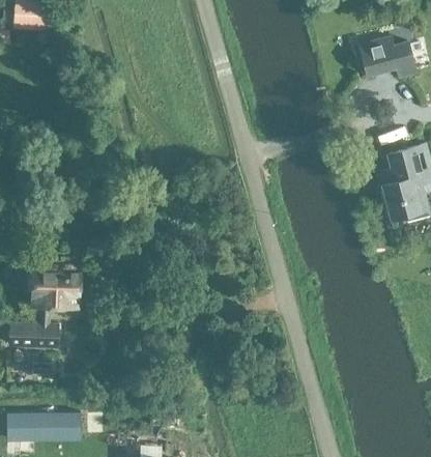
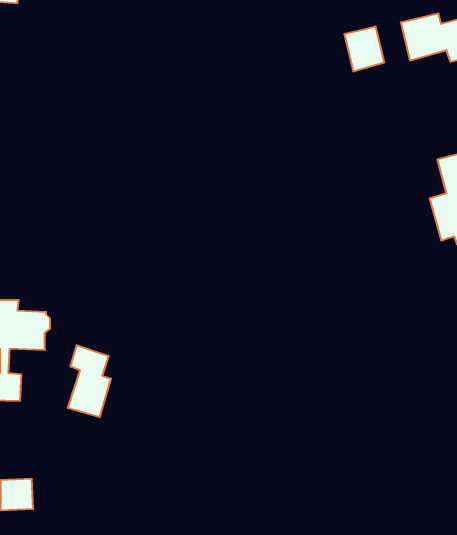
building: none -> [344,26,384,72]
building: none -> [68,345,111,417]

